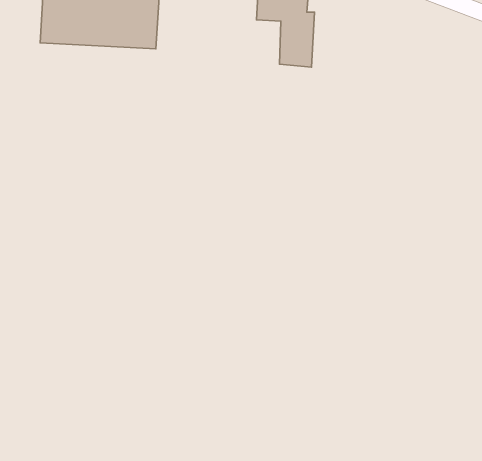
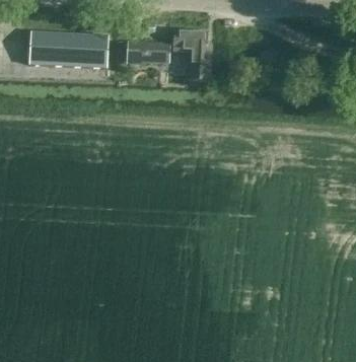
building: none -> [127,42,168,63]

